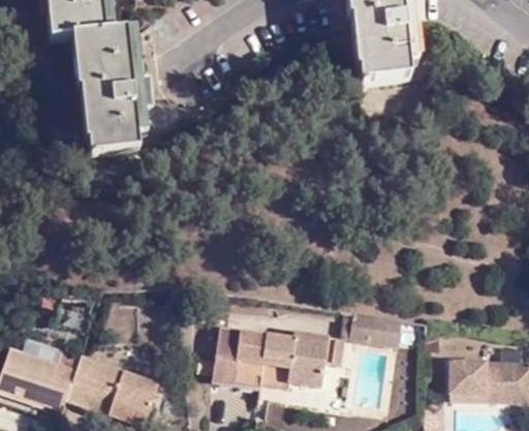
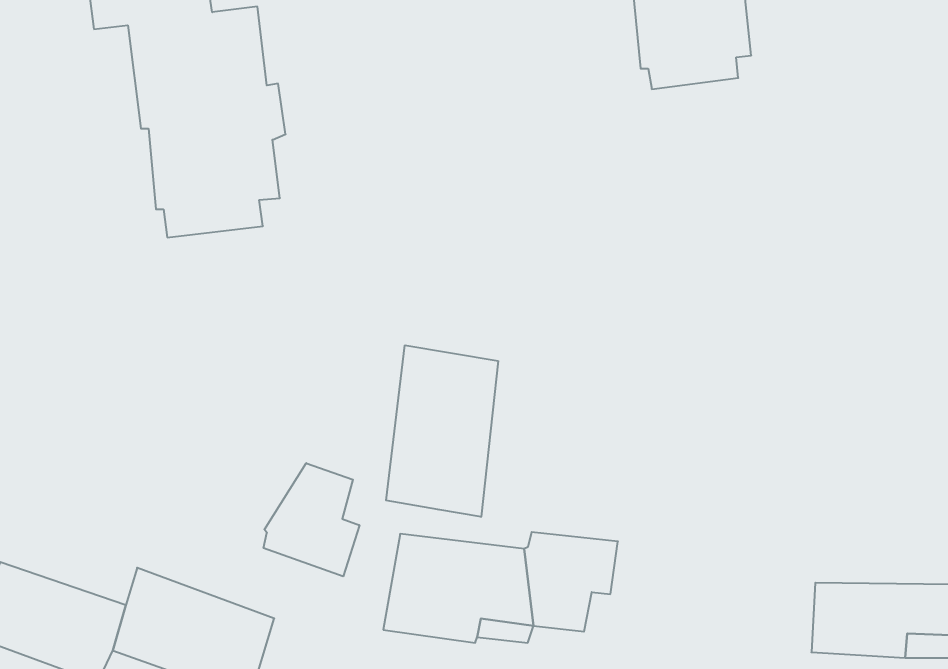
building: none -> [386,345,498,517]
building: none -> [264,463,359,576]
building: [351,310,405,342] -> none

